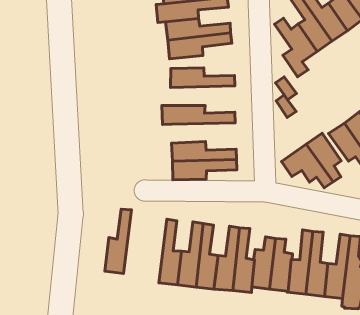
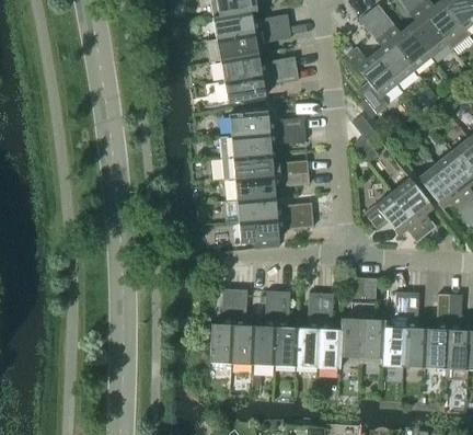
building: none -> [221,129,307,158]
building: none -> [235,172,310,201]
building: [105,209,131,273] -> [210,289,236,364]

